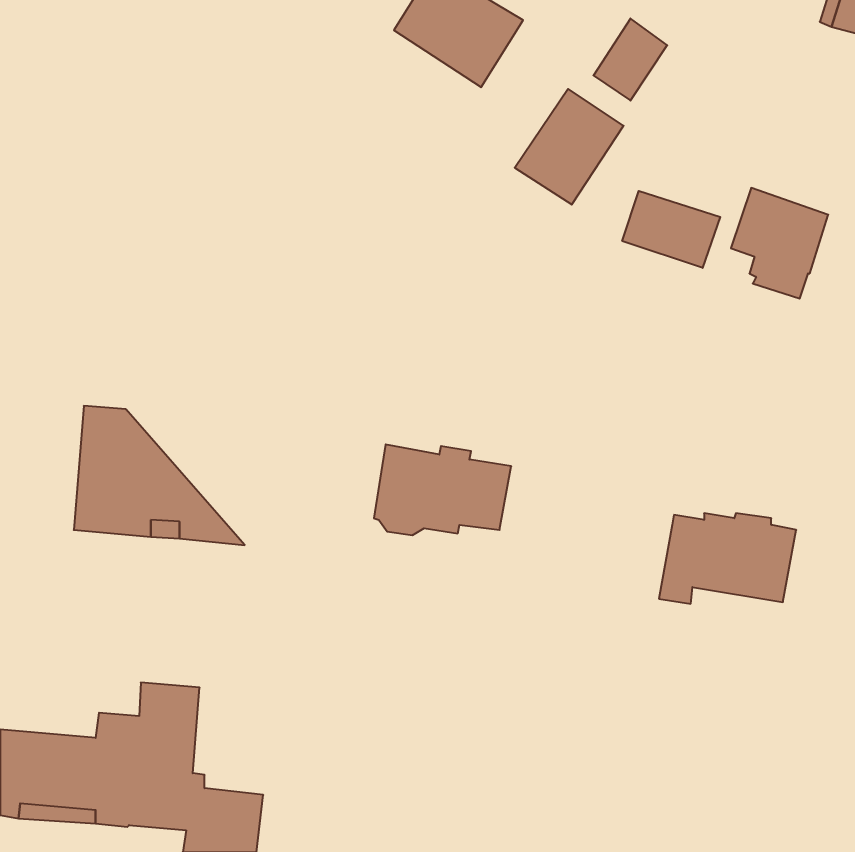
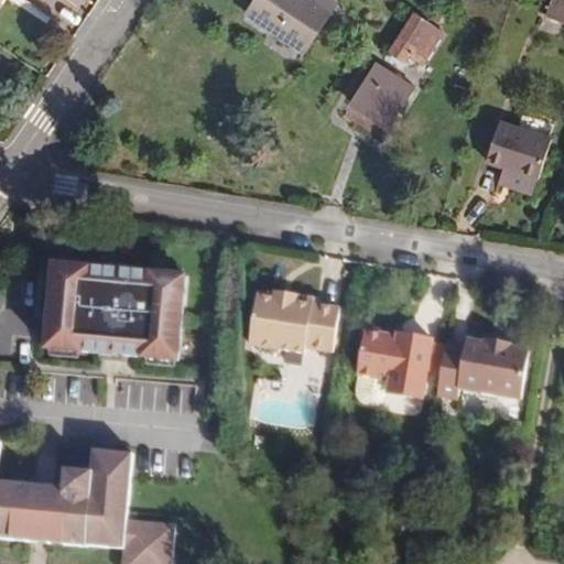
building: [622,191,720,268] -> none
building: none -> [84,269,185,359]
building: none -> [352,329,443,403]

